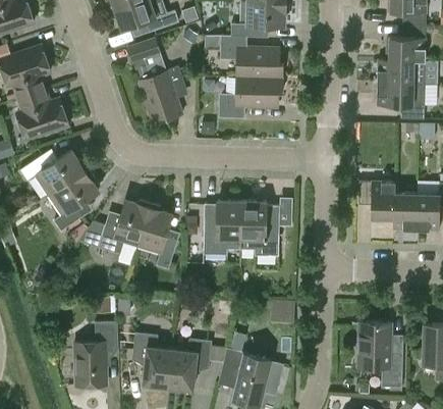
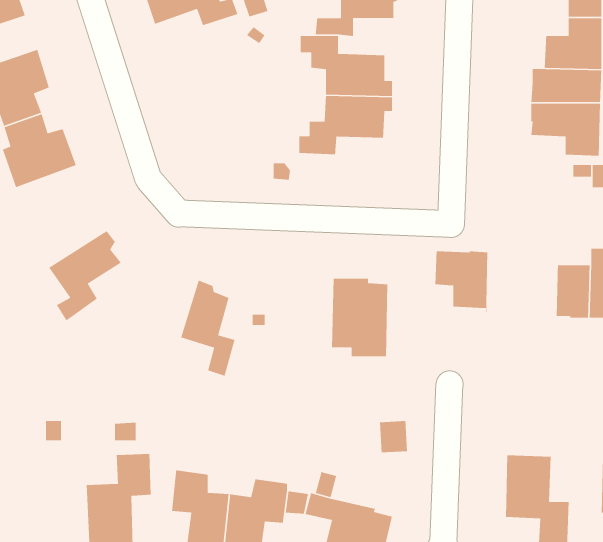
building: [128,41,182,120] -> none
building: [20,151,89,195] -> none
building: [358,181,395,228] -> [434,250,488,321]
building: [95,200,151,254] -> none
building: [204,201,242,255] -> none

